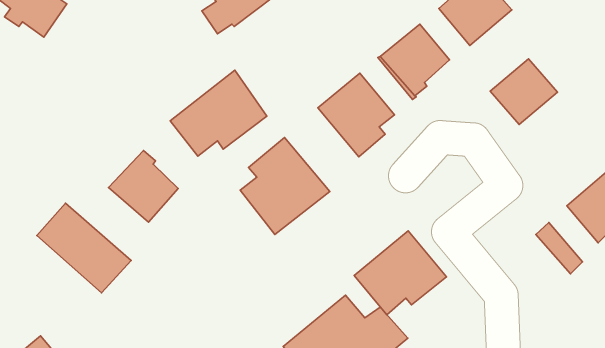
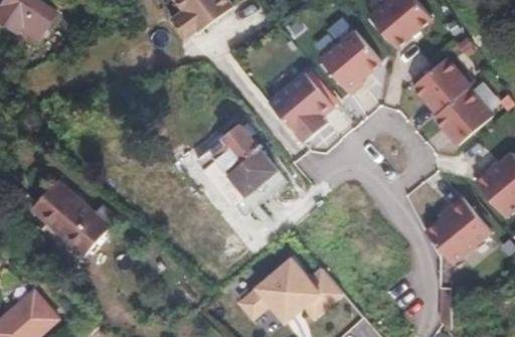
building: [170,70,267,156] -> none
building: none -> [434,90,490,145]
building: [109,151,178,222] -> none
building: [354,231,446,315] -> none
building: none -> [426,206,480,262]

